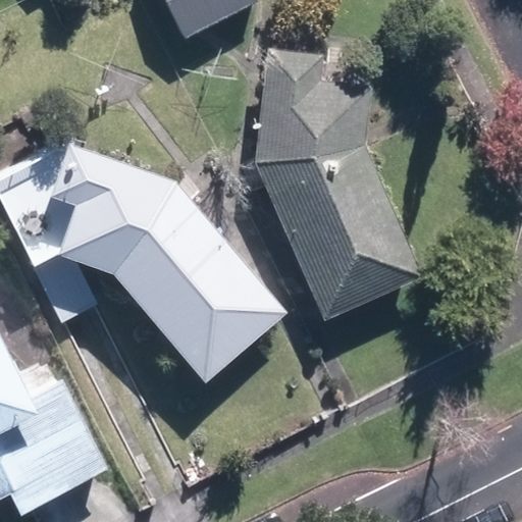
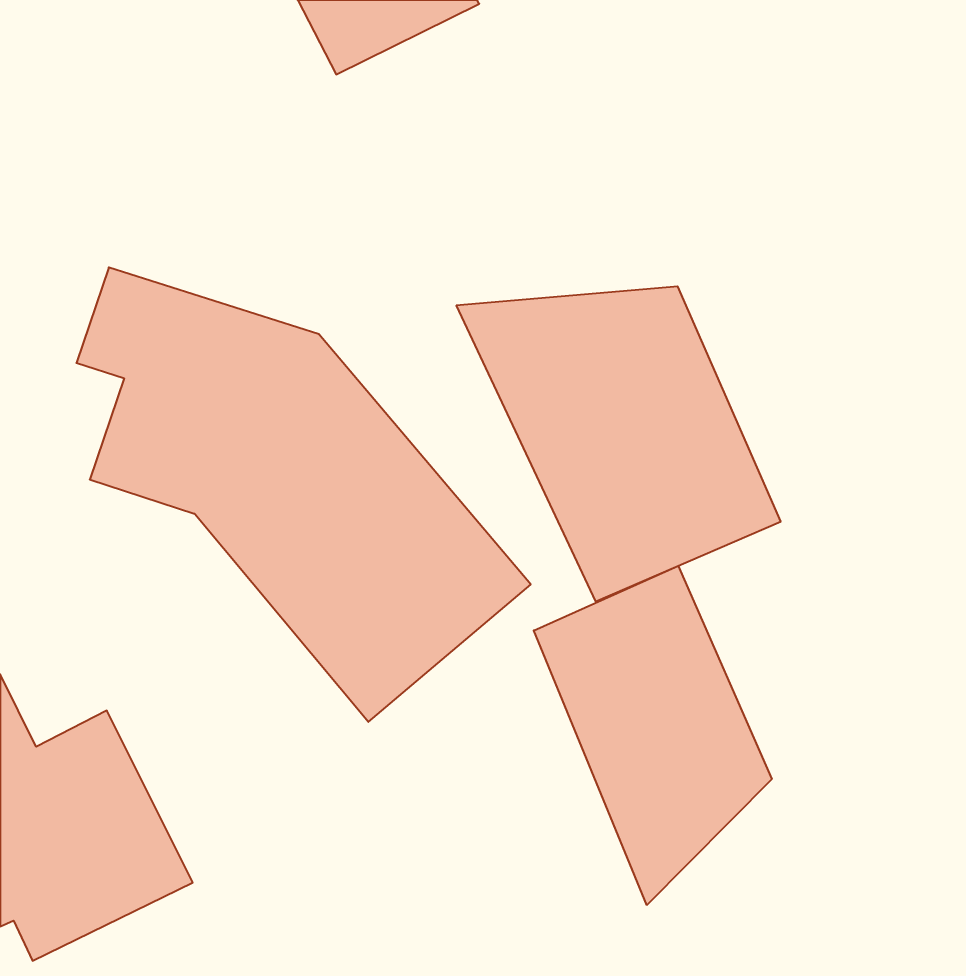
building: [249,48,370,163] -> none
building: none -> [534,566,772,905]

